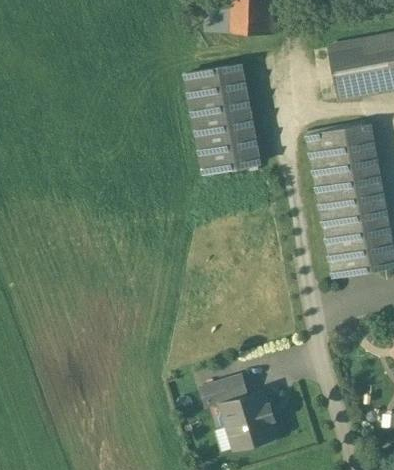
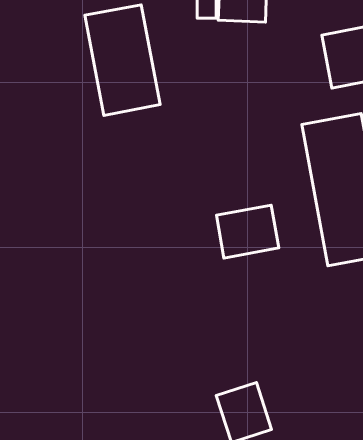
building: [185,62,260,172] -> [85,5,160,115]
building: none -> [216,205,279,258]
building: [202,375,247,403] -> none

